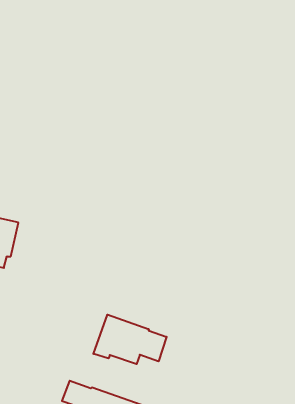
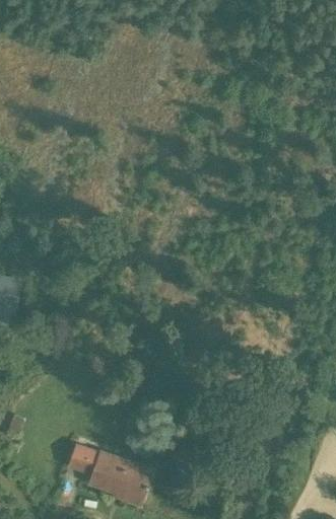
building: [93,315,167,364] -> none

